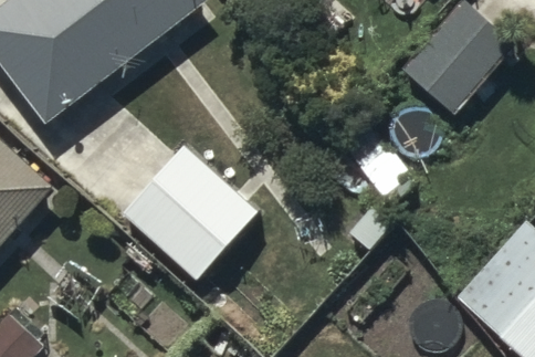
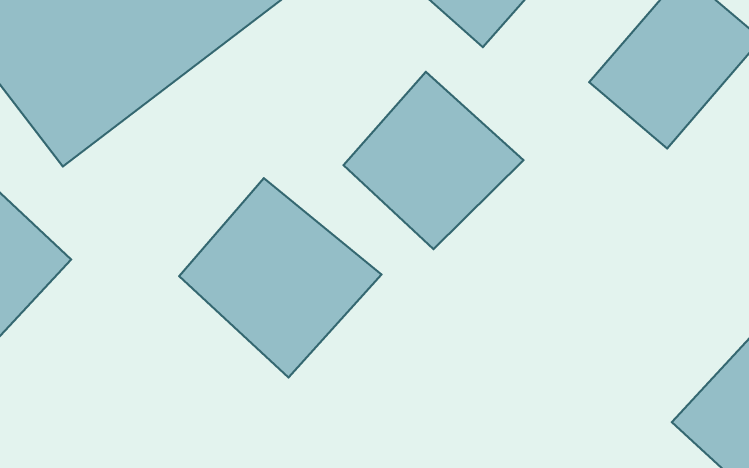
building: none -> [344,72,524,249]

